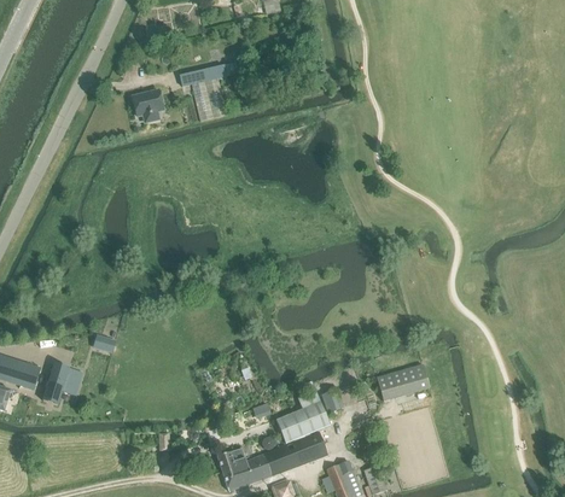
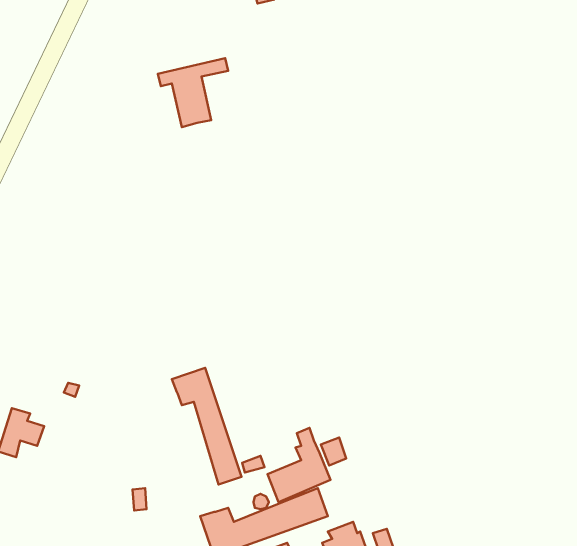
building: [132,90,162,122] -> none
building: none -> [172,368,242,484]
building: [377,362,431,399] -> none

